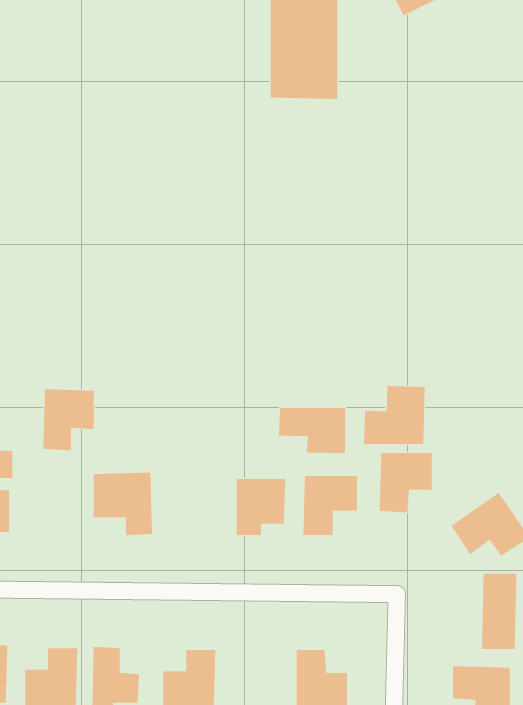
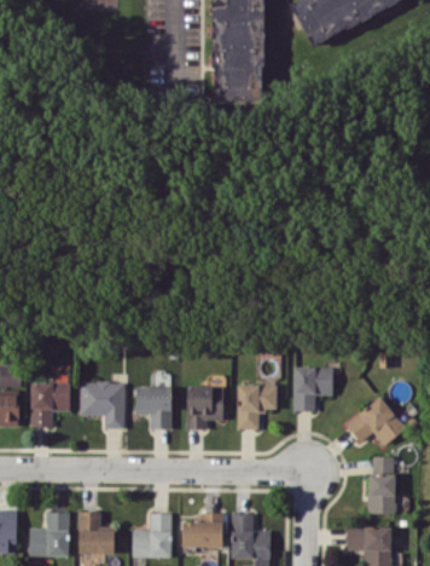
building: [364,385,425,445] -> none
building: [43,389,95,451] -> [30,382,69,428]
building: [278,407,345,454] -> none
building: none -> [135,387,172,429]
building: none -> [181,513,223,548]

